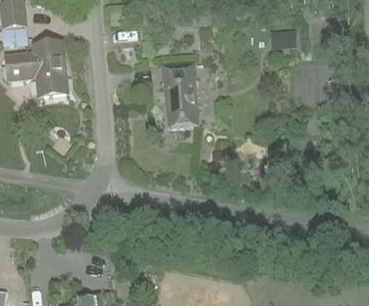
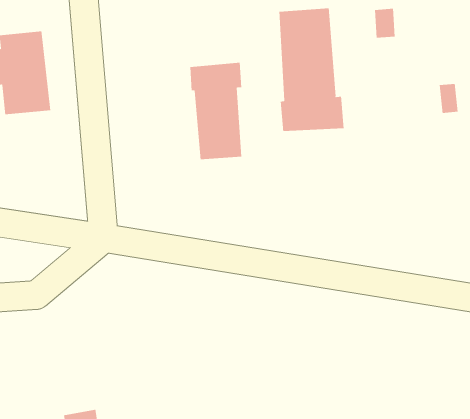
building: none -> [279,8,344,132]

